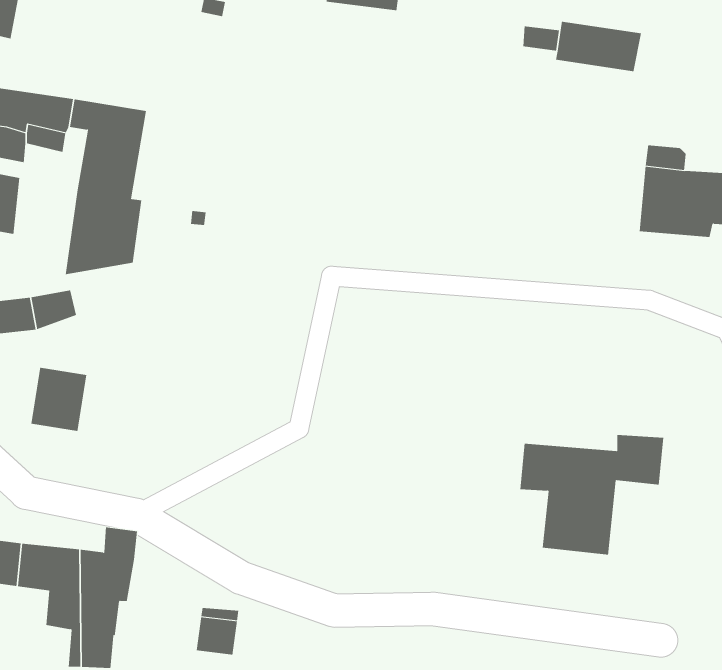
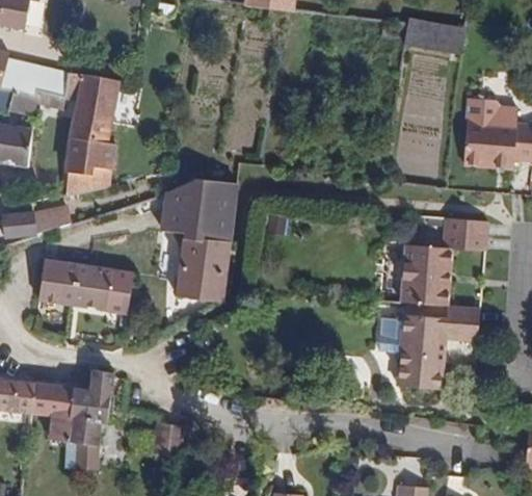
building: none -> [162,181,239,301]
building: none -> [400,217,487,306]
building: none -> [72,264,131,313]

